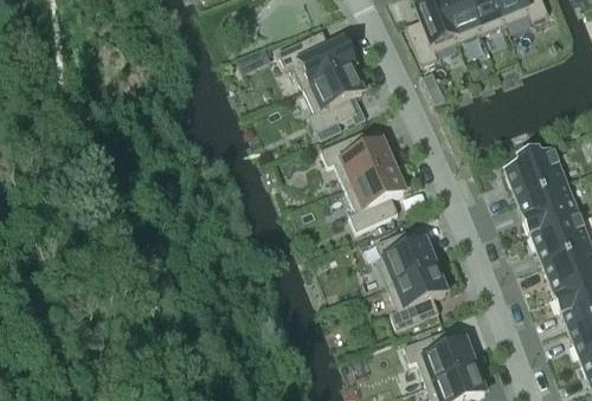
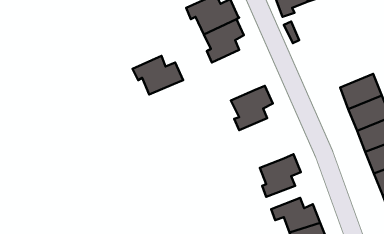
building: [320,129,394,186] -> [132,56,183,95]
building: [377,229,437,285] -> none

